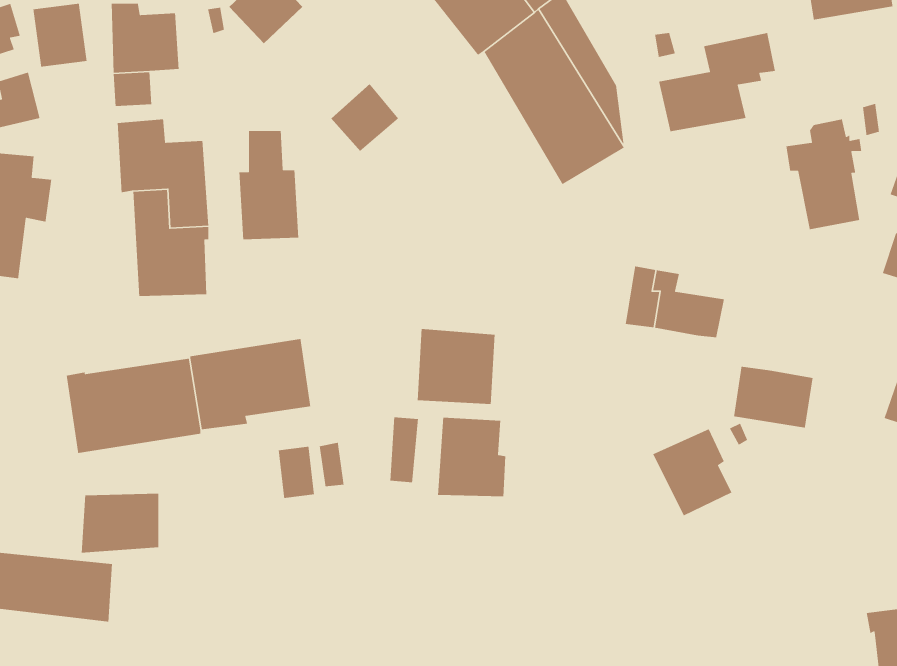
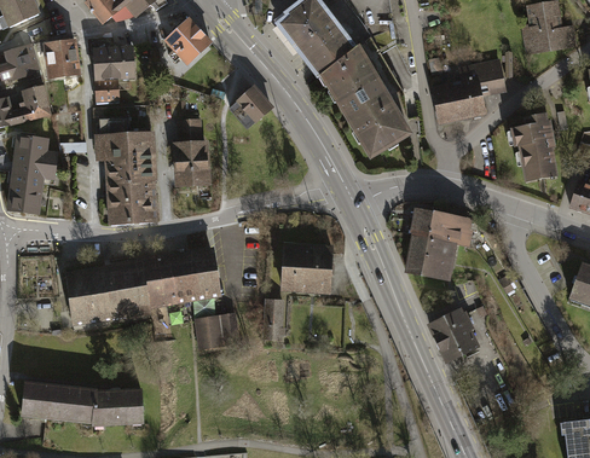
building: [733,366,813,429] -> [405,240,455,279]
building: [437,417,506,497] -> none
building: [81,493,159,554] -> [92,387,140,424]

